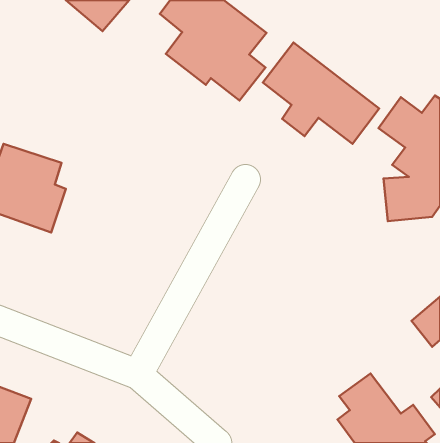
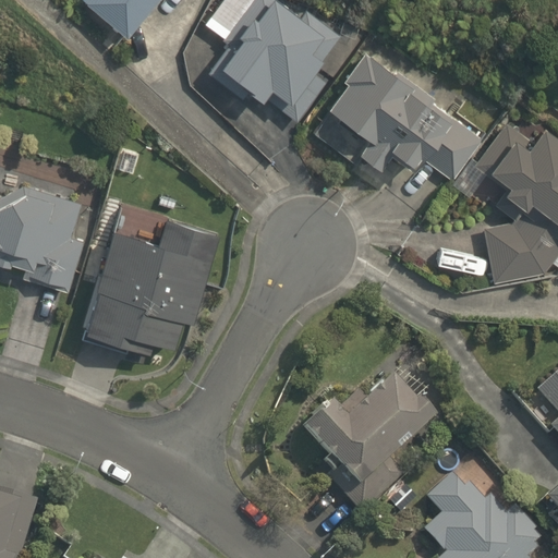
building: none -> [88,222,220,352]
building: none -> [305,385,432,488]

